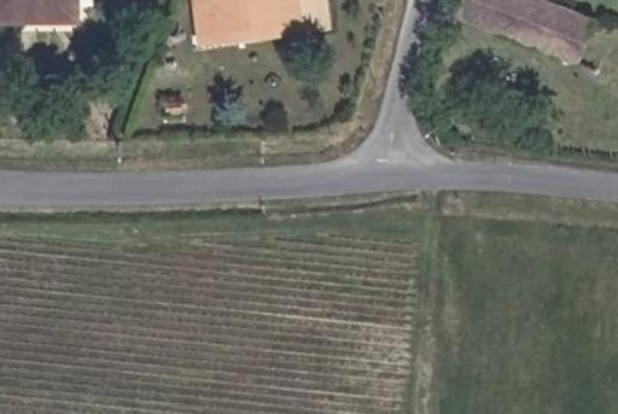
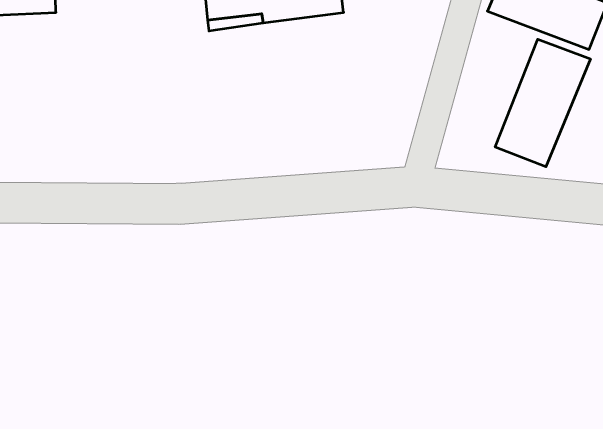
building: none -> [495,39,590,167]

